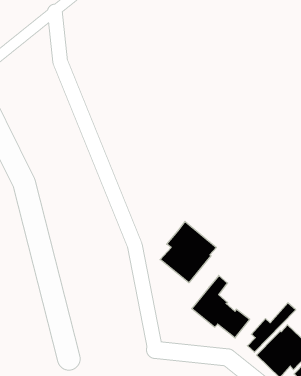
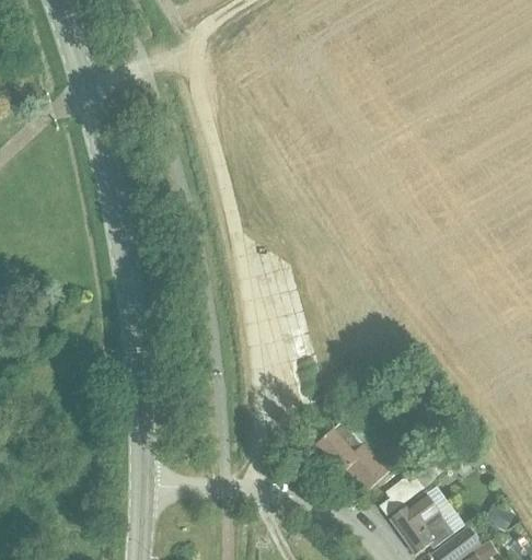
building: [160,221,216,283] -> none

